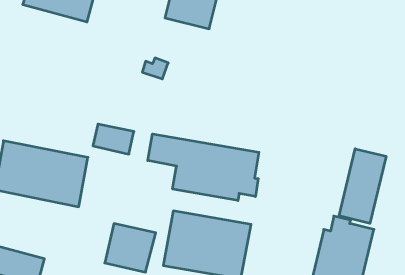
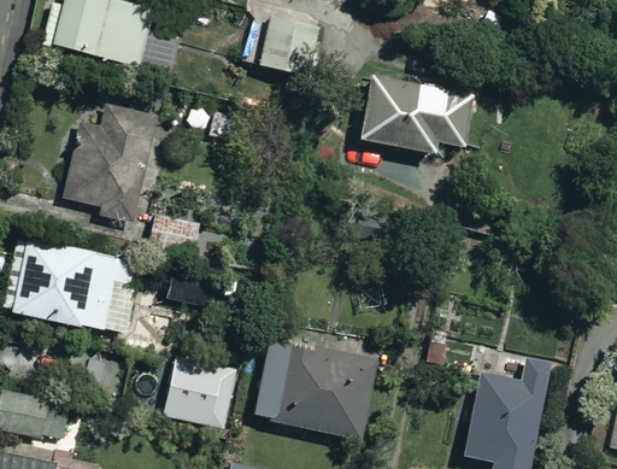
building: none -> [355,72,476,154]
building: none -> [61,102,160,216]
building: [148,134,259,201] -> none
building: [339,149,386,223] -> none

